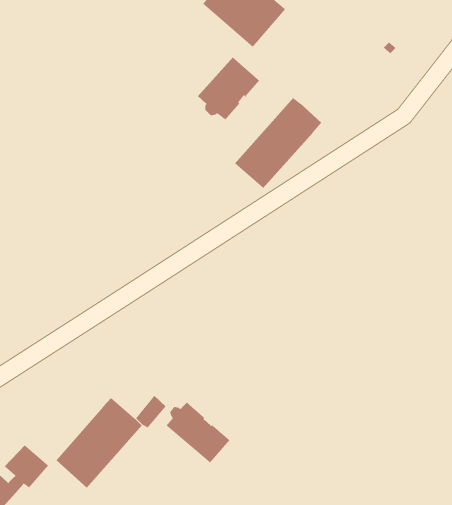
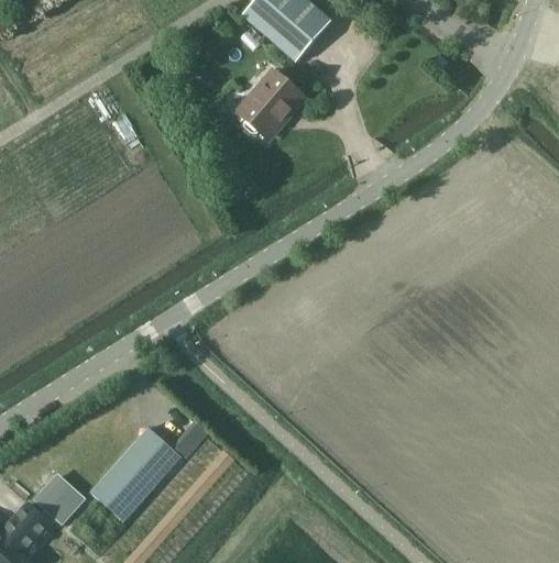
building: [234,97,322,189] -> none
building: [166,402,230,464] -> none

